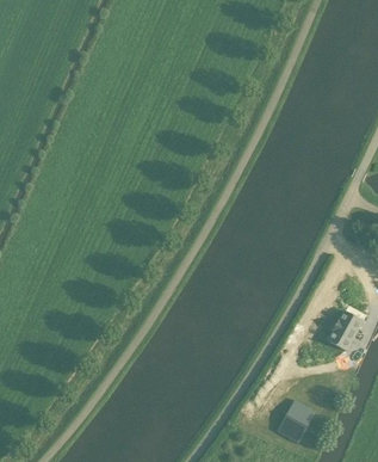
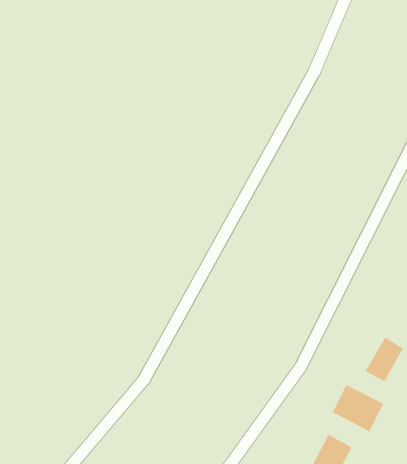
building: none -> [332,384,384,432]

